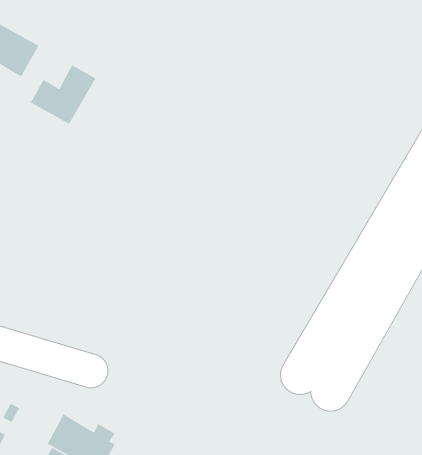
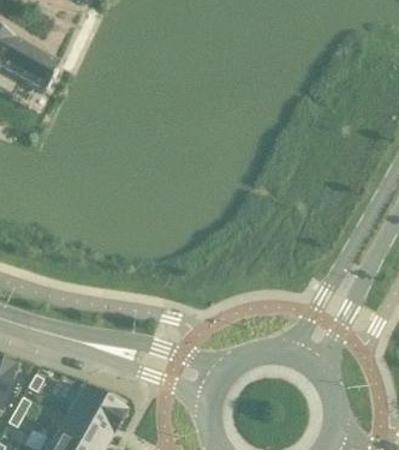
building: [30,64,97,125] -> none

